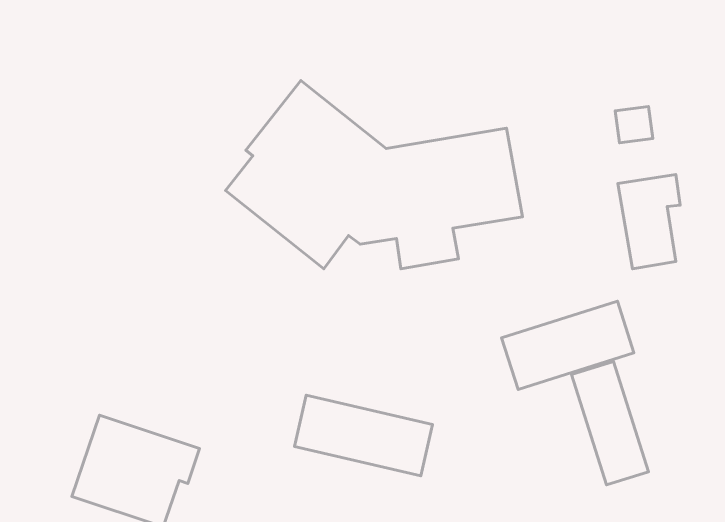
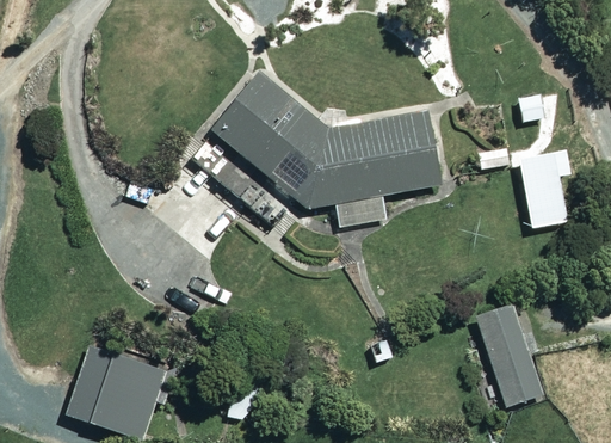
building: [502,301,634,389] -> none
building: [295,395,433,476] -> none

